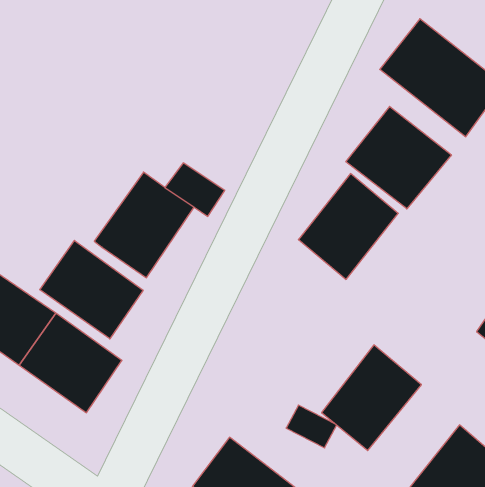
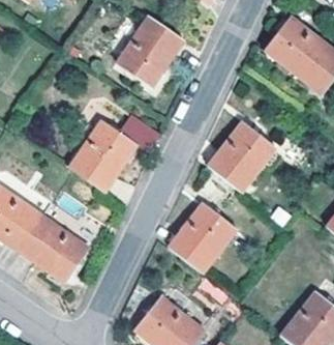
building: none -> [117,16,183,87]
building: [346,106,451,209] -> none
building: [40,240,143,339] -> none
building: [322,345,421,451] -> [168,202,235,274]

